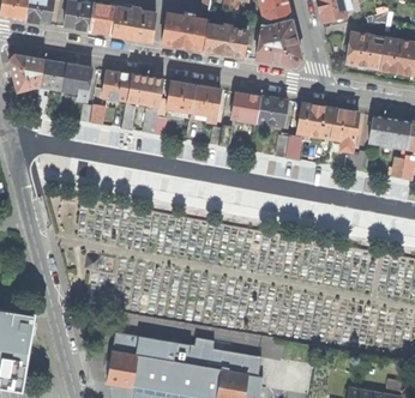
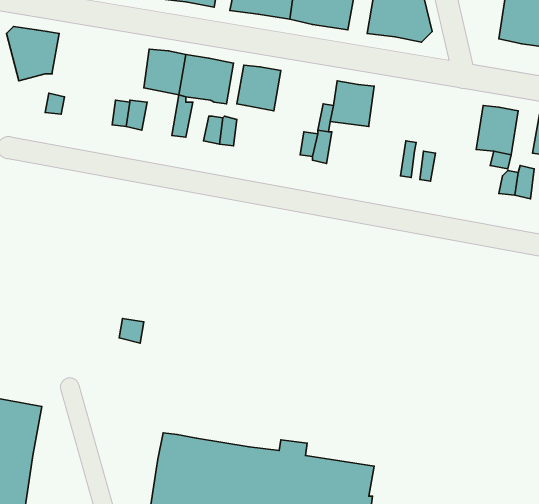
building: [41,60,92,95] -> none
building: [192,85,221,116] -> none
building: [257,96,287,127] -> none
building: [296,103,335,139] -> none

